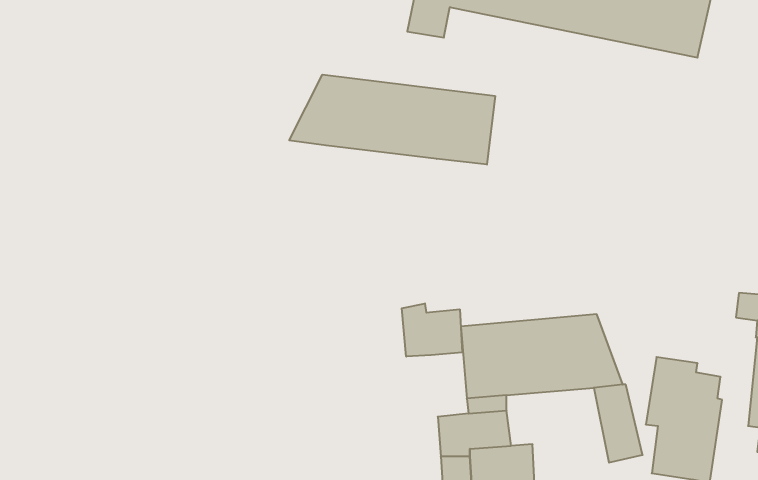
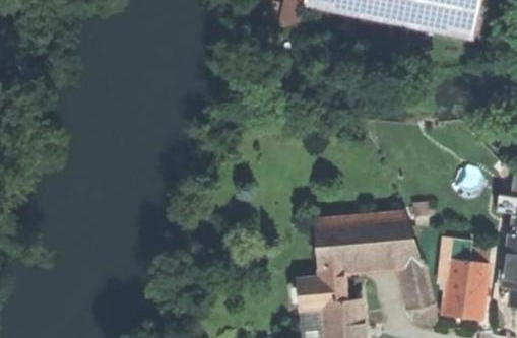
building: [289,75,495,165] -> none
building: [402,303,462,357] -> none

